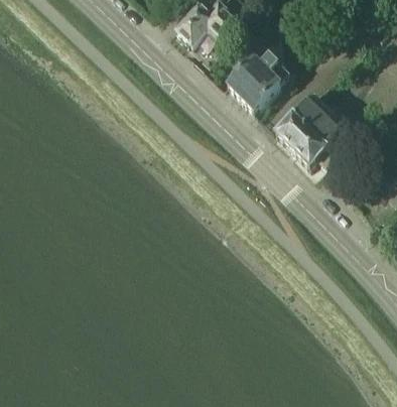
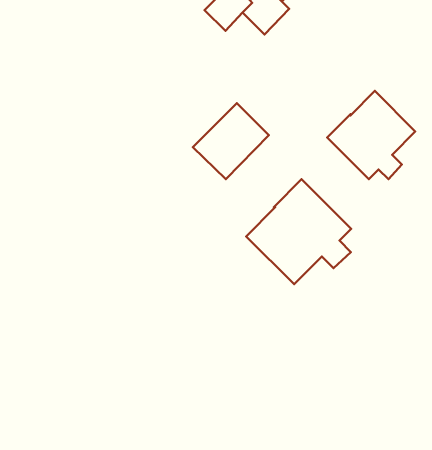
building: [226,45,288,108] -> [193,103,269,179]
building: none -> [246,179,351,284]

